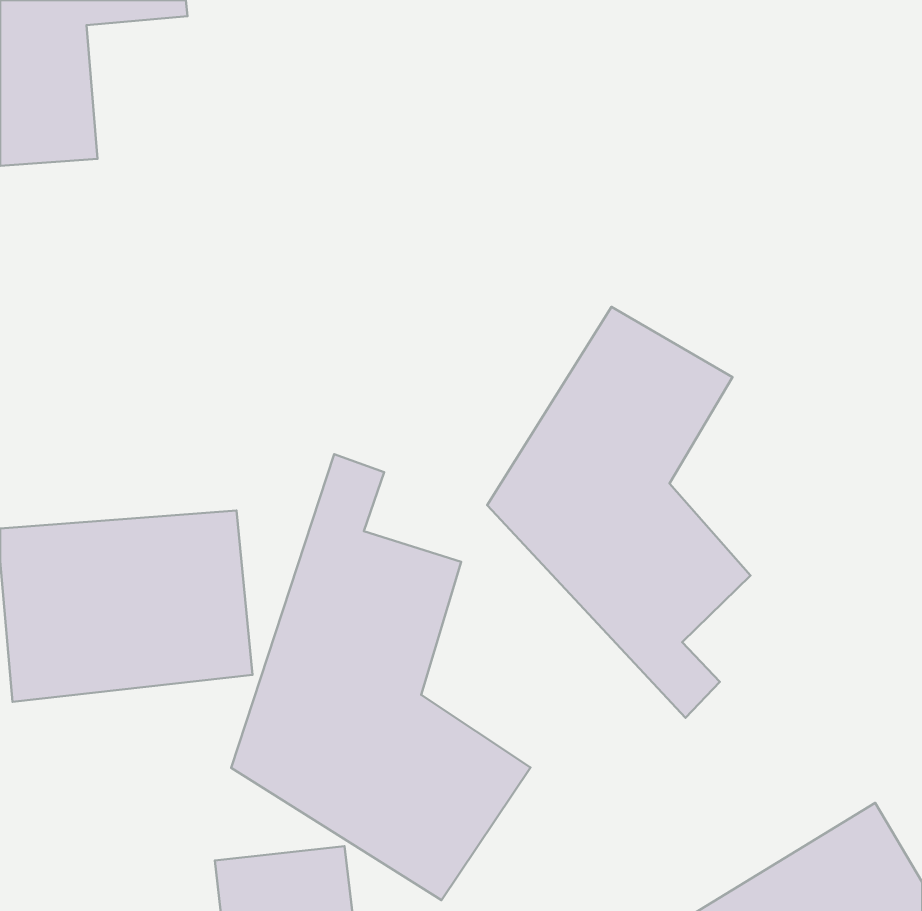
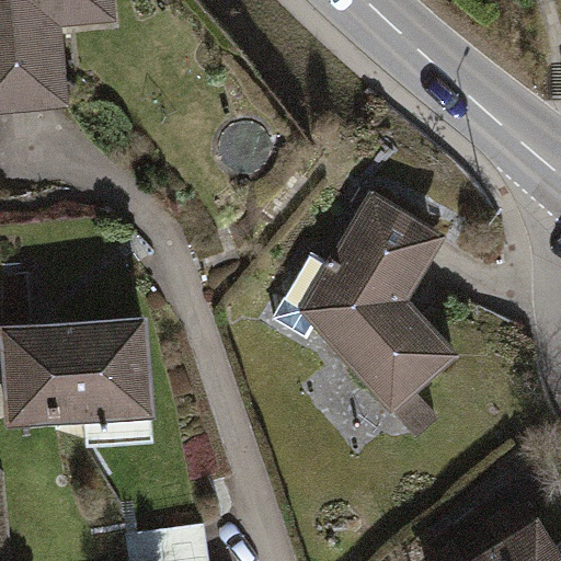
building: [231,454,531,900] -> none

